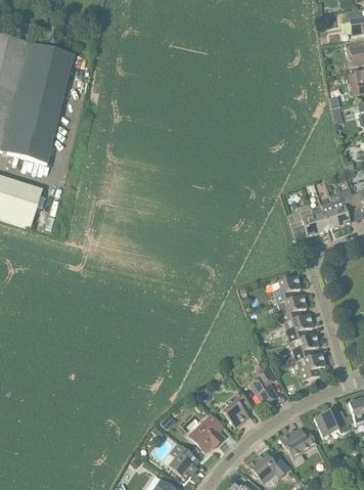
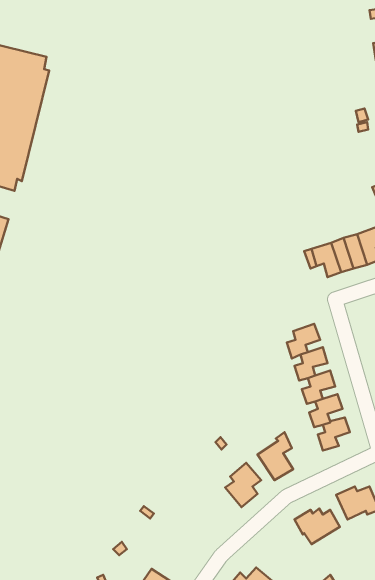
building: [188,413,225,452] -> none
building: [169,443,199,479] -> none
building: [248,450,289,483] -> none

